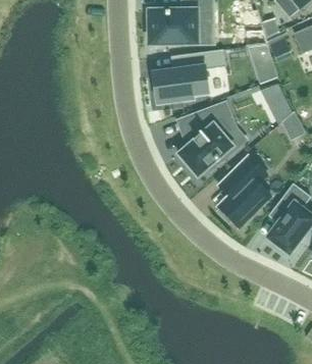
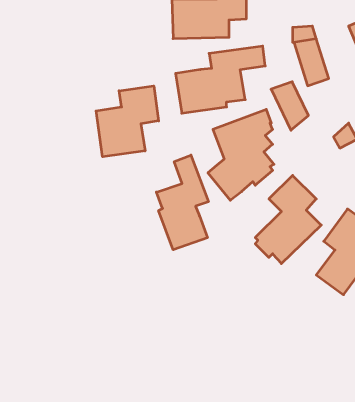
building: none -> [96,86,159,157]
building: [261,83,292,122] -> [271,82,308,130]
building: none -> [156,155,208,250]

